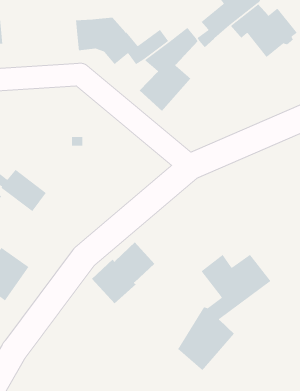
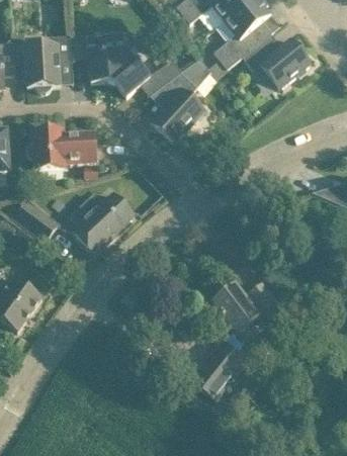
building: none -> [24,35,71,92]
building: none -> [26,128,95,169]
building: [91,241,155,304] -> [70,193,134,256]

